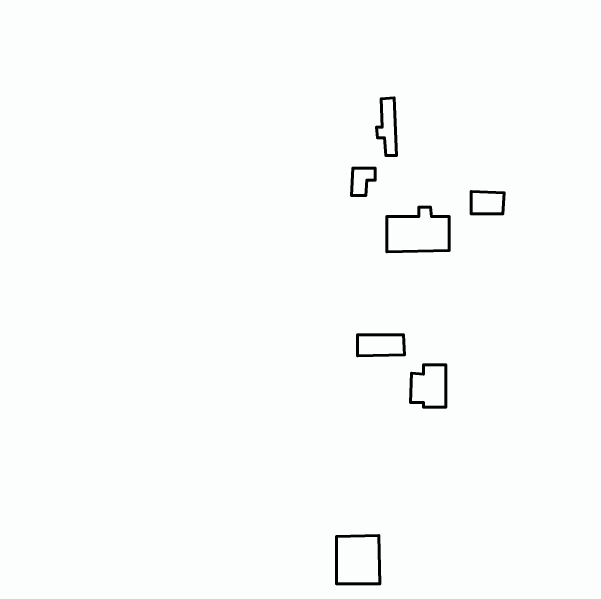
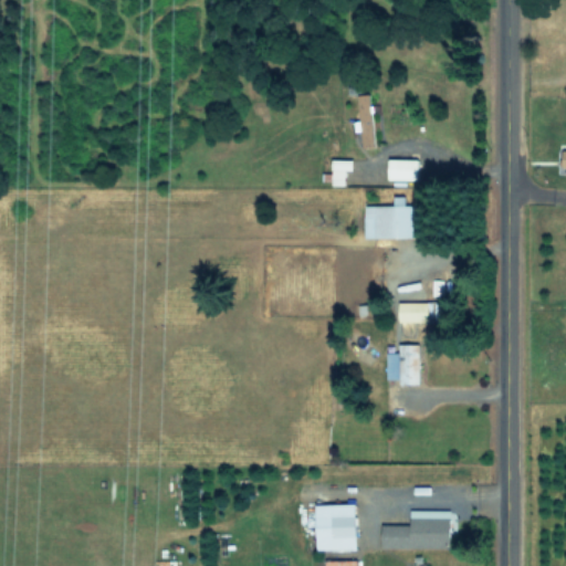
building: [471,192,504,214] -> [388,159,419,180]
building: [357,335,405,356] -> [399,303,443,323]
building: none -> [382,511,450,548]

